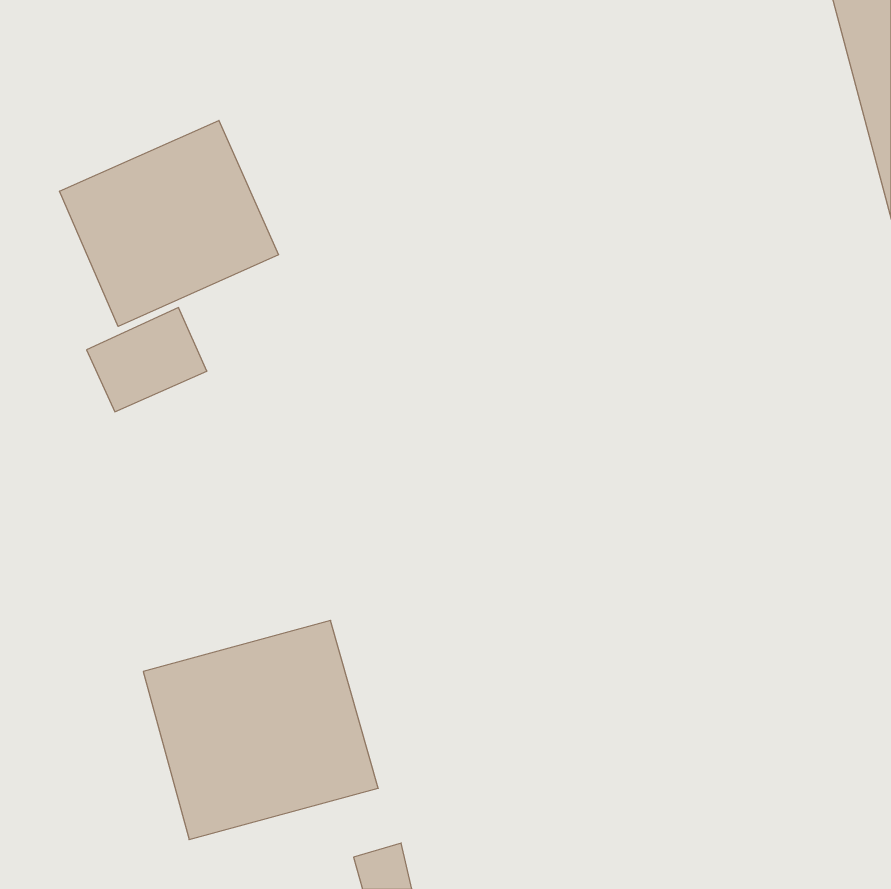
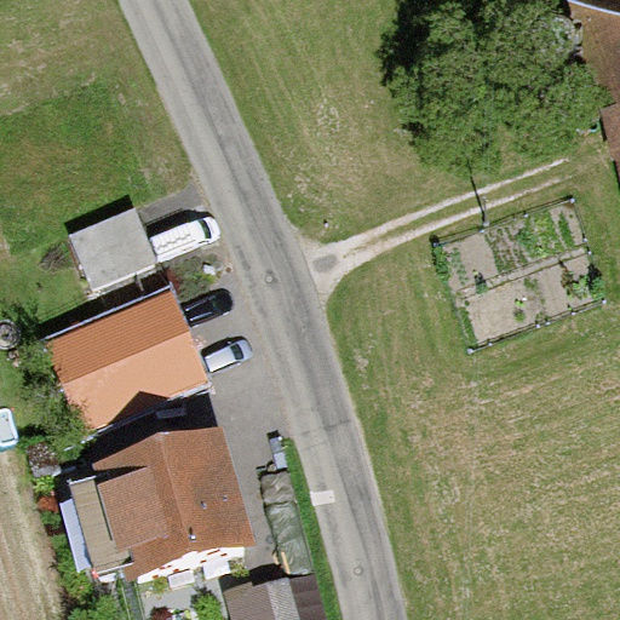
building: [60,120,279,326] -> none
building: none -> [57,306,183,415]

